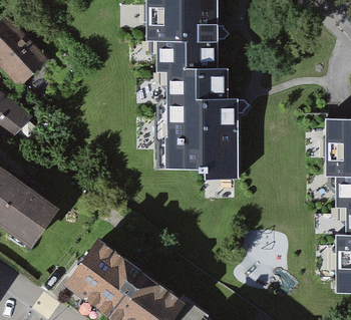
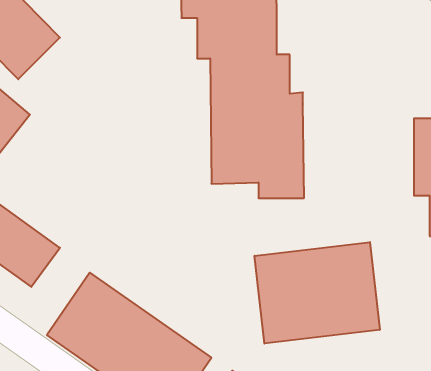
building: none -> [255,242,380,344]

